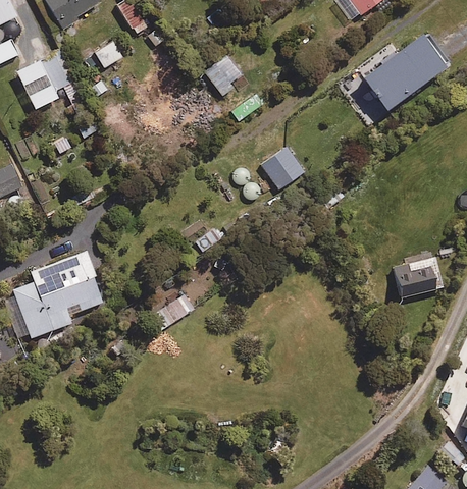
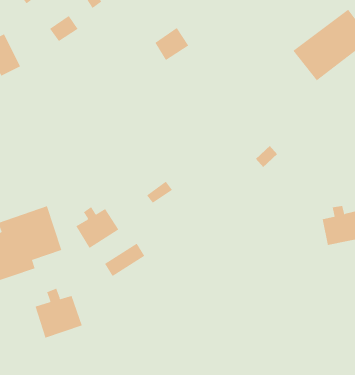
building: [263,145,306,187] -> none
building: none -> [75,206,119,249]
building: none -> [35,288,82,339]

